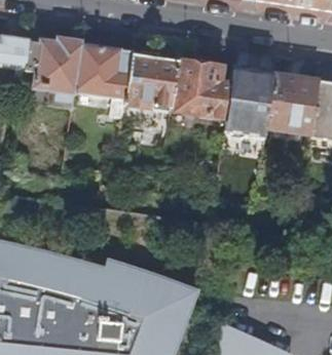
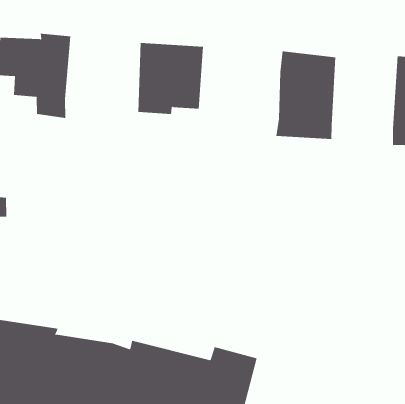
building: [74,44,132,115] -> none
building: [171,61,231,118] -> none
building: [266,74,318,132] -> none

